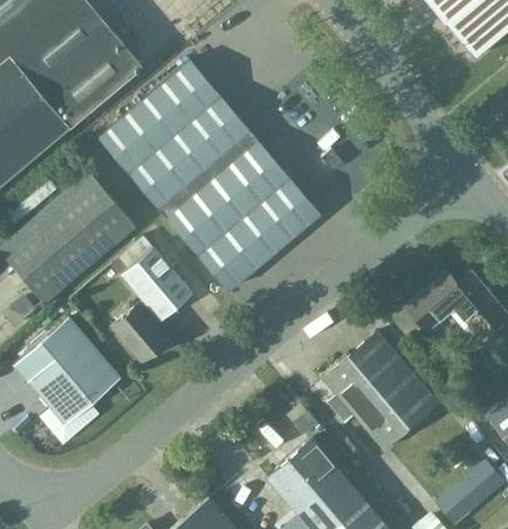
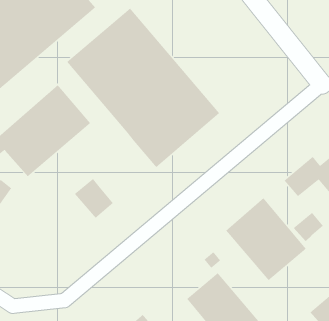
building: [110,236,191,321] -> none
building: [14,322,118,425] -> none
building: none -> [293,212,324,242]

